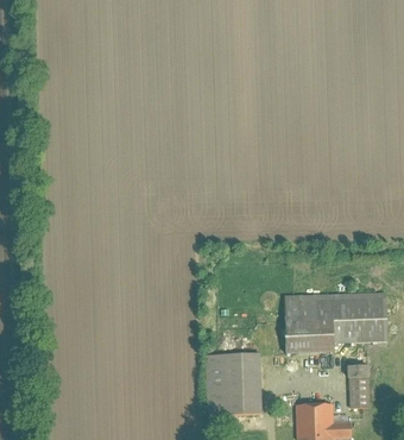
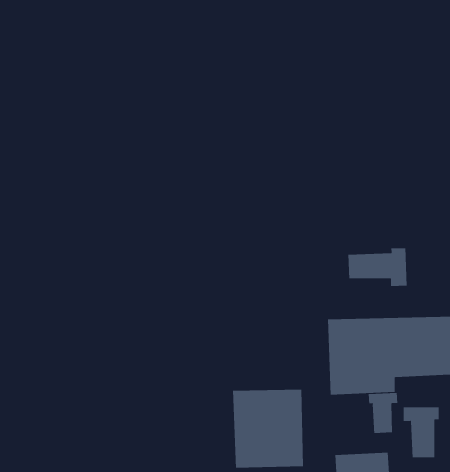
building: none -> [348,247,407,287]
building: none -> [368,392,398,434]

